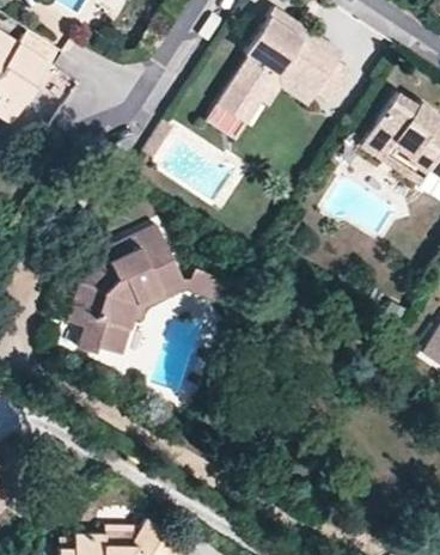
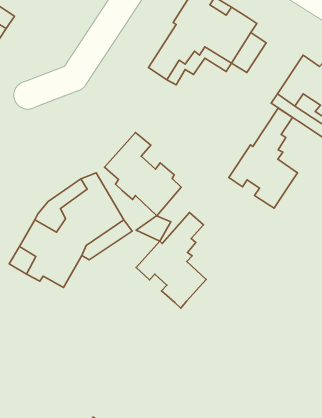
building: none -> [229,108,298,208]
building: none -> [104,132,181,216]
building: none -> [136,213,206,308]

